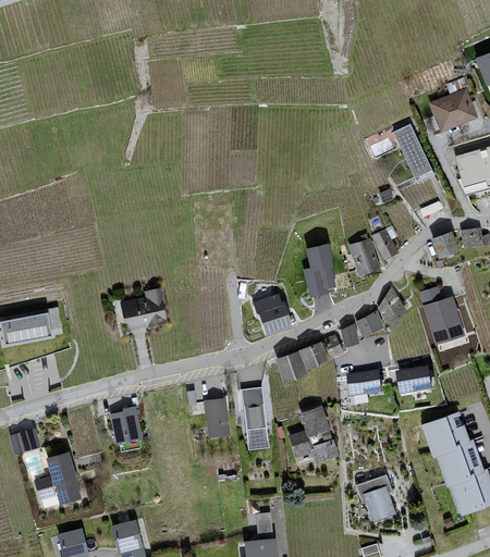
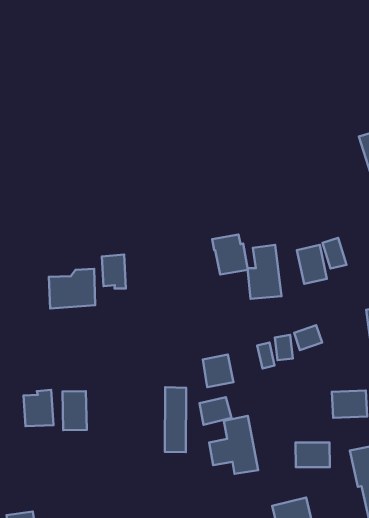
building: none -> [102,255,126,289]
building: [377,287,405,326] -> none
building: [254,294,291,333] -> [212,235,248,274]
building: [296,342,328,370] -> [199,397,231,425]
building: [348,370,383,397] -> [296,442,330,467]
building: [203,397,230,436] -> [63,391,87,430]

